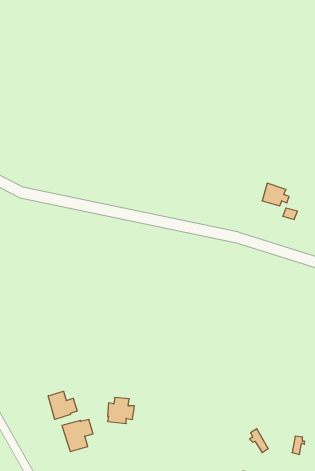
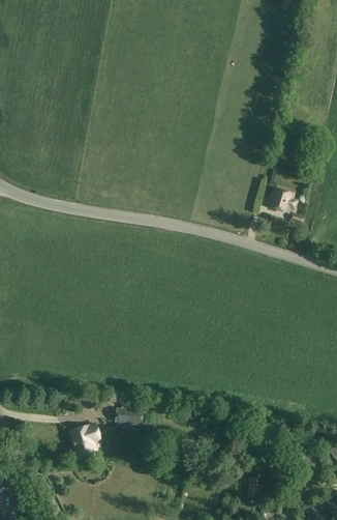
building: [48,391,77,419] -> none

